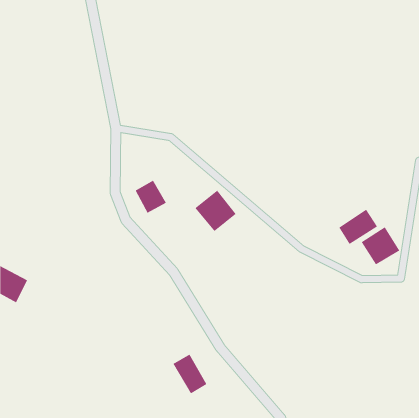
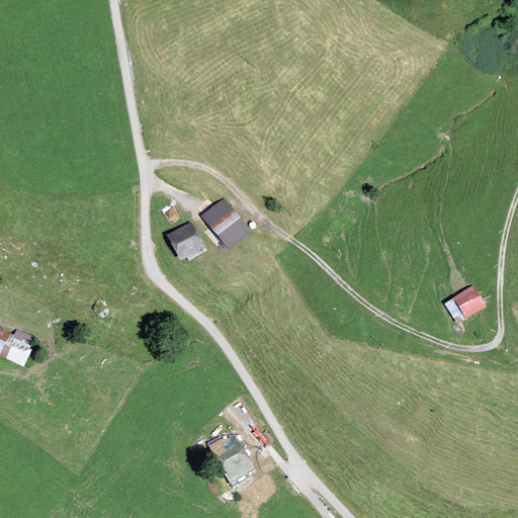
building: [195,190,236,232] -> [199,193,251,245]
building: [338,209,378,245] -> none

